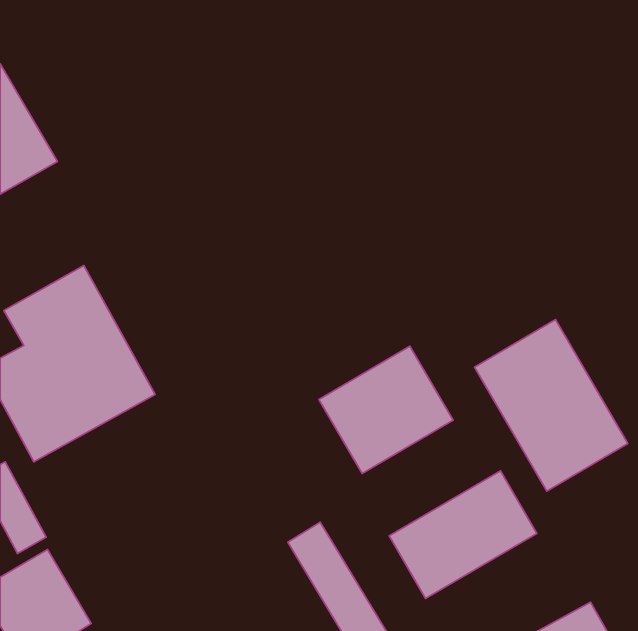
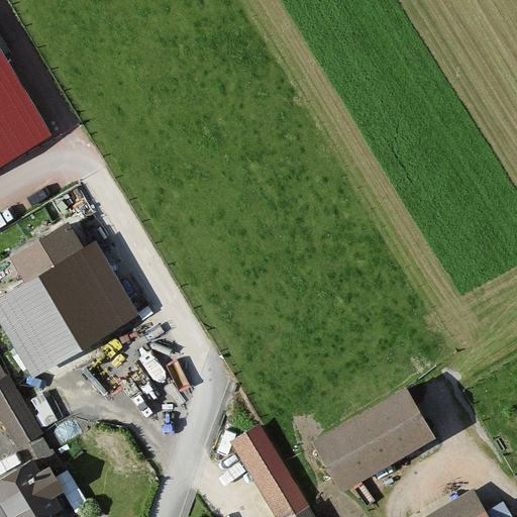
building: [474,320,628,491] -> none
building: [319,346,453,474] -> none

